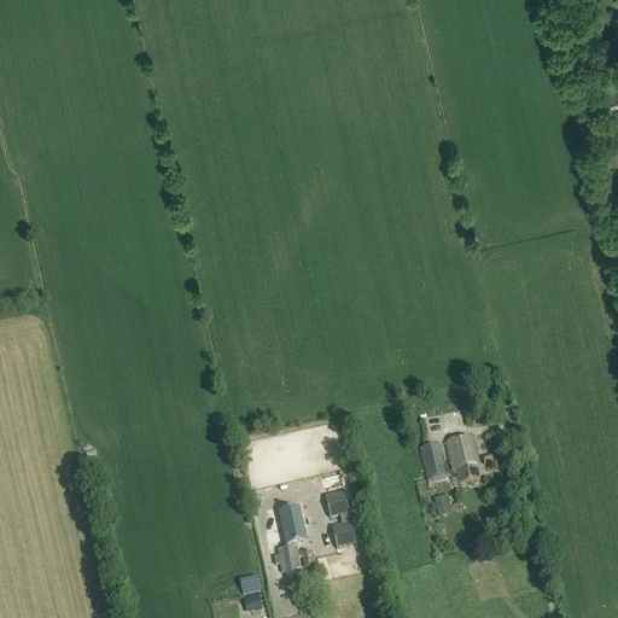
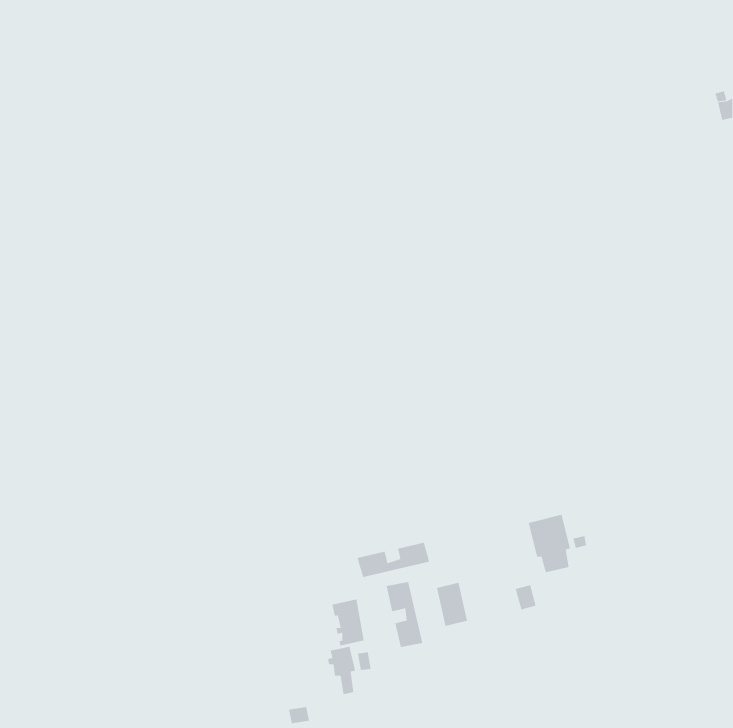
building: [419,441,445,478] -> [436,582,468,627]
building: none -> [357,542,430,578]

